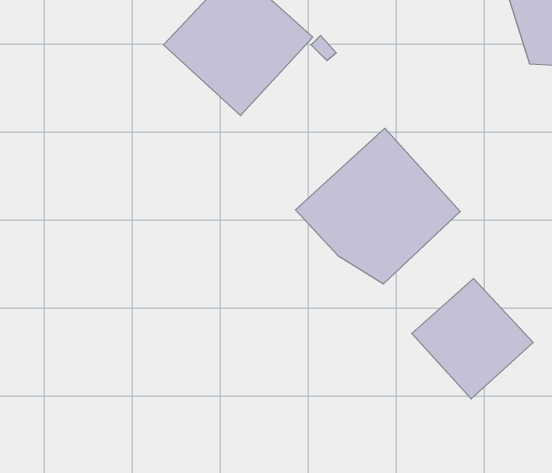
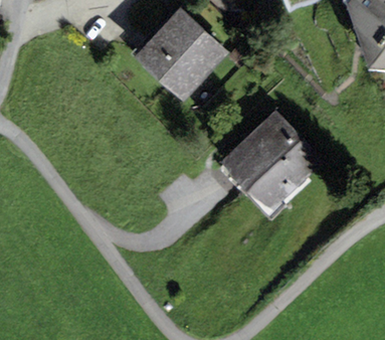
building: [412,278,533,399] -> none

